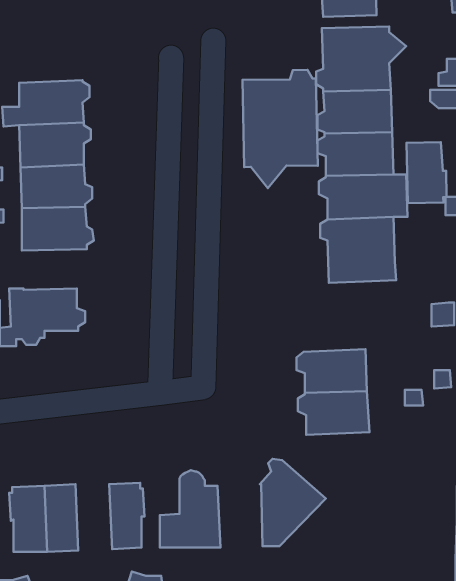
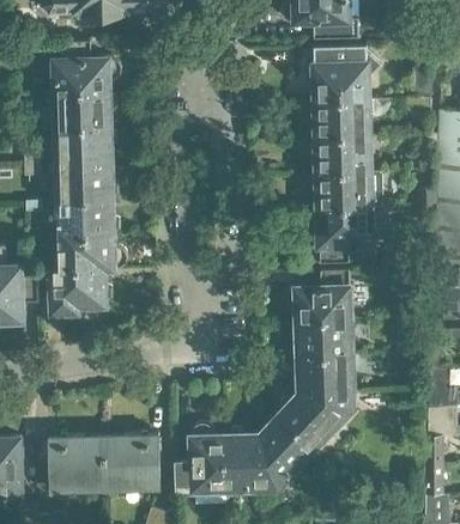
building: none -> [54,42,121,95]
building: [242,70,318,188] -> none
building: [406,142,446,203] -> none
building: none -> [58,236,127,270]
building: none -> [284,270,350,323]
building: none -> [279,391,353,447]
building: none -> [224,429,262,489]
building: none -> [103,435,134,492]

